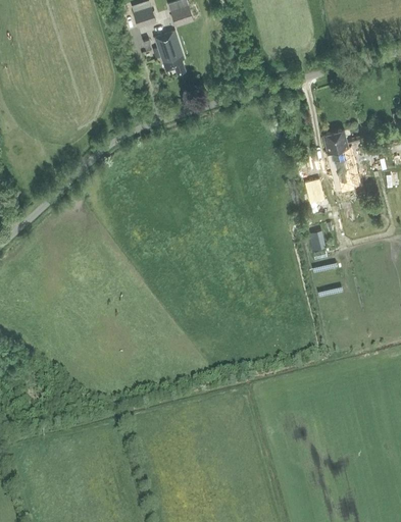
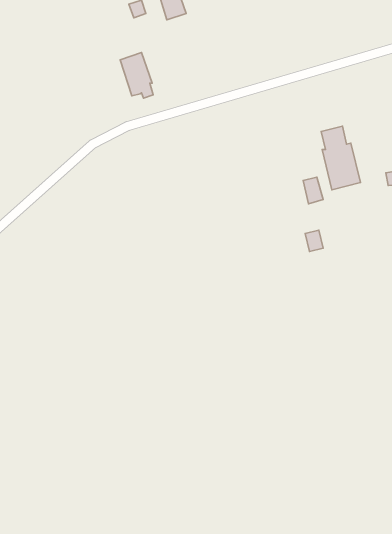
building: [153,30,185,73] -> [120,52,153,98]

